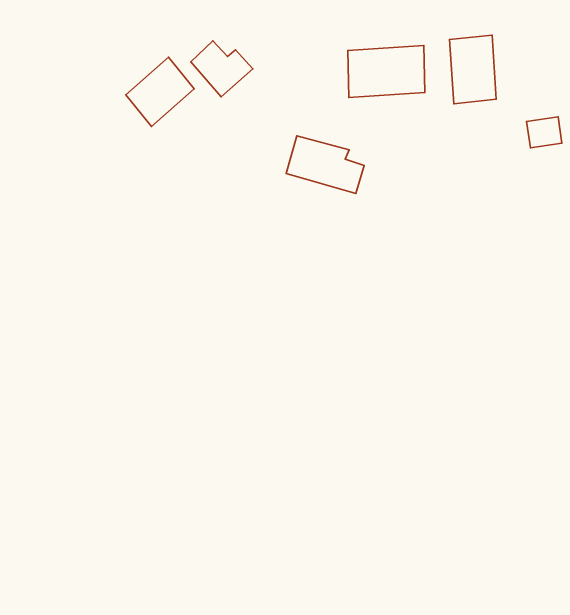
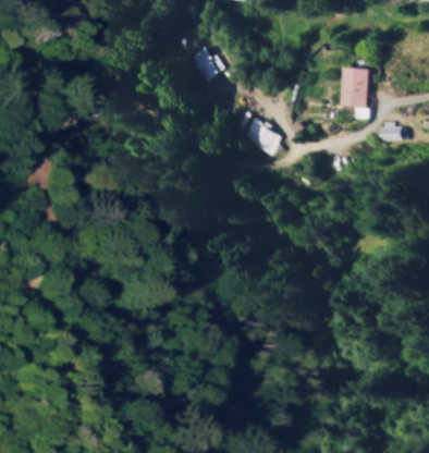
building: [348,46,425,97] -> none
building: [126,57,194,126] -> none

